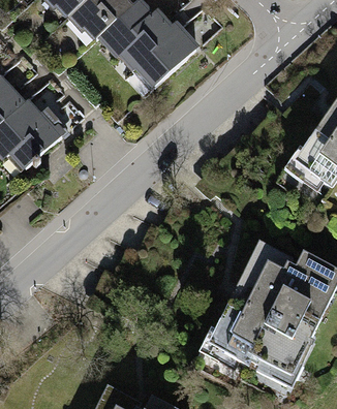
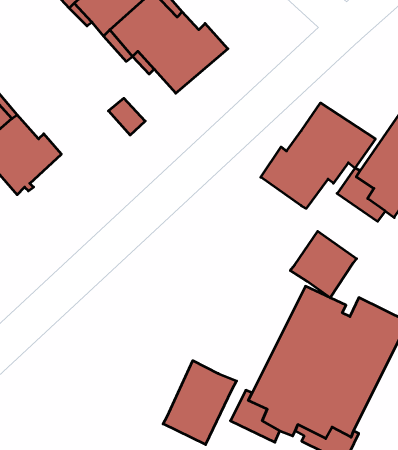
building: none -> [261,103,375,208]
building: none -> [290,231,357,298]
building: none -> [163,361,237,445]

